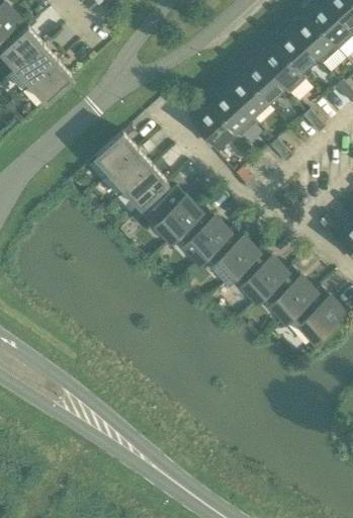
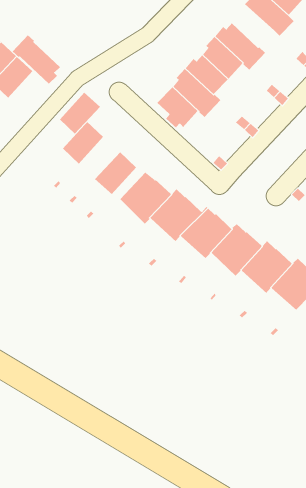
building: [274,28,316,73] -> none
building: none -> [12,35,61,84]
building: [109,149,152,190] -> [59,92,101,134]

